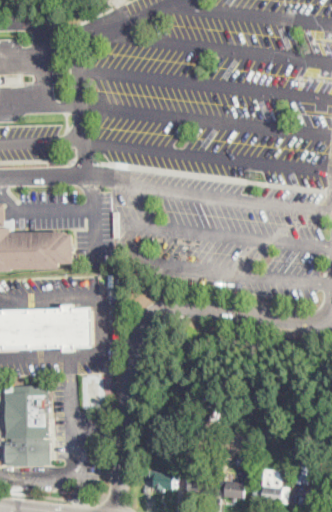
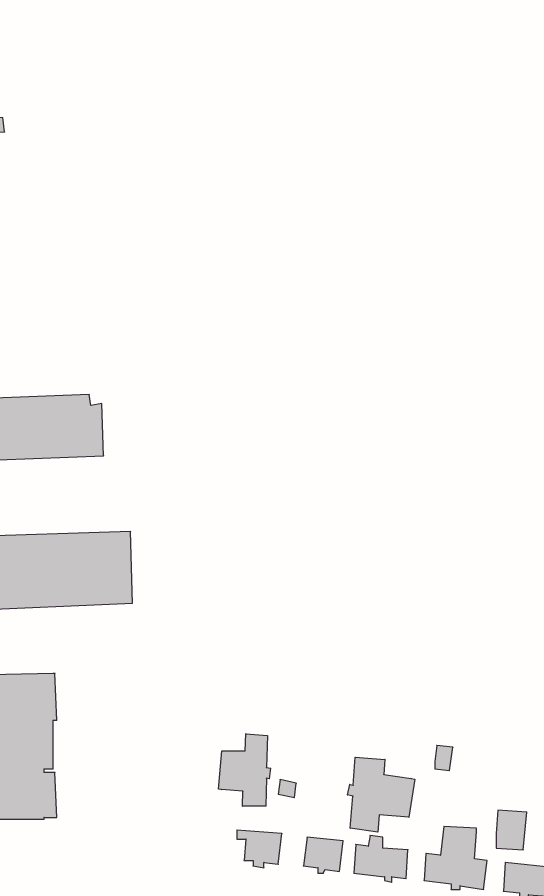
building: none -> [219,734,271,806]
building: none -> [348,757,415,832]

